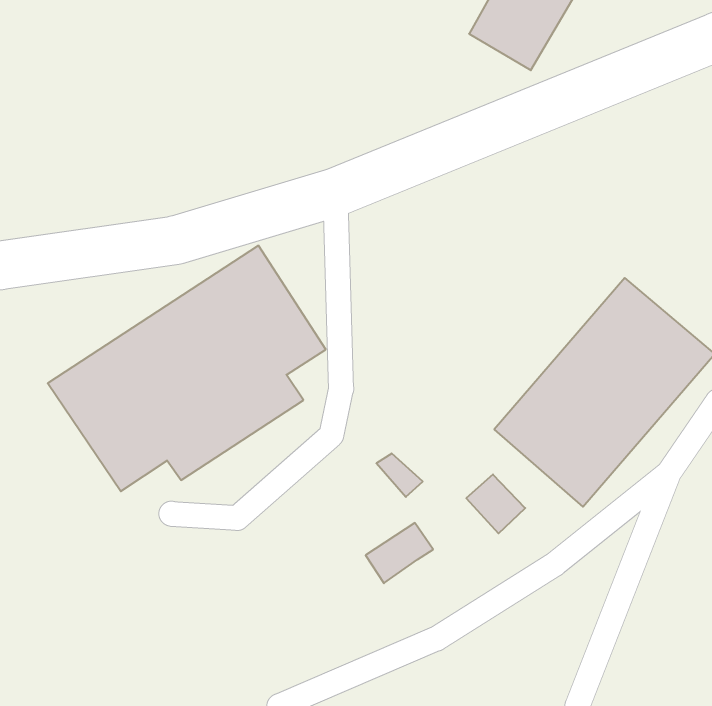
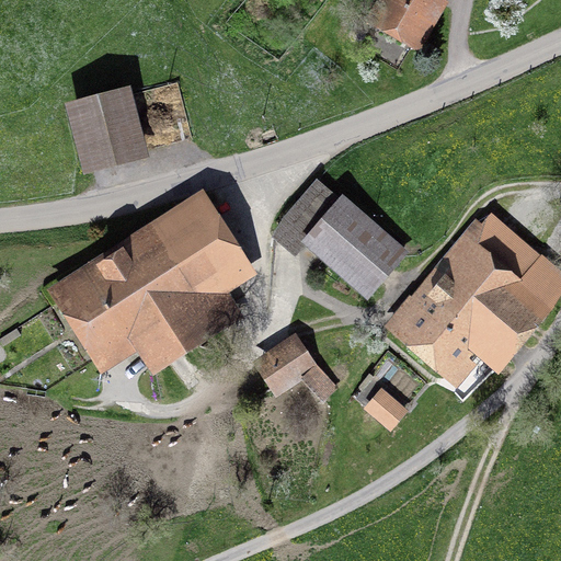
building: none -> [57,85,144,173]
building: none -> [279,171,401,287]
building: [366,523,433,583] -> [257,333,310,380]

